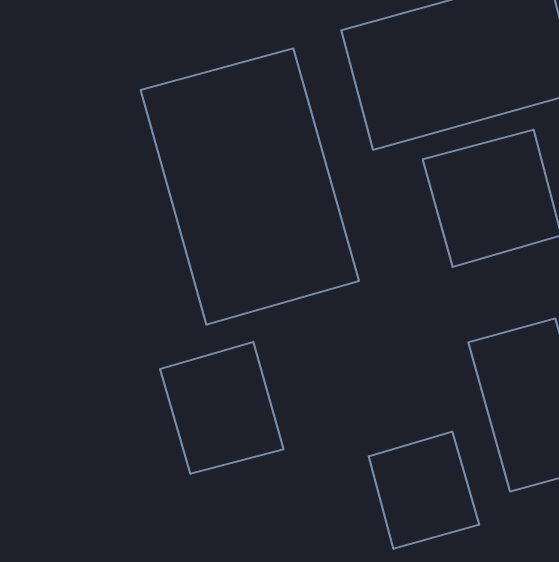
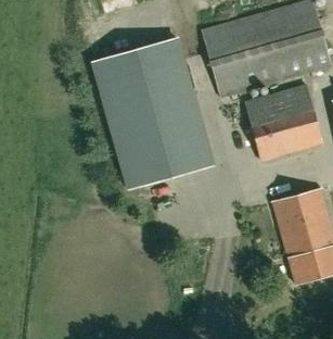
building: [160,342,283,474] -> none
building: [369,431,479,549] -> none

